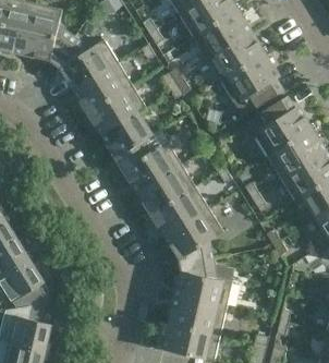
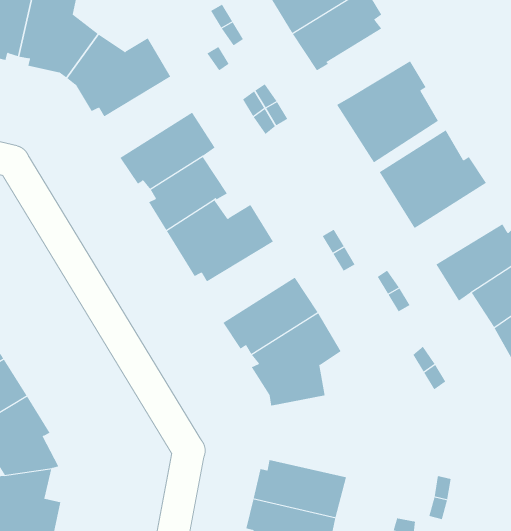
building: [207,34,265,81] -> none
building: [76,63,131,113] -> none
building: [267,129,321,179] -> none
building: [139,165,194,215] -> none
building: [175,259,231,310] -> none

